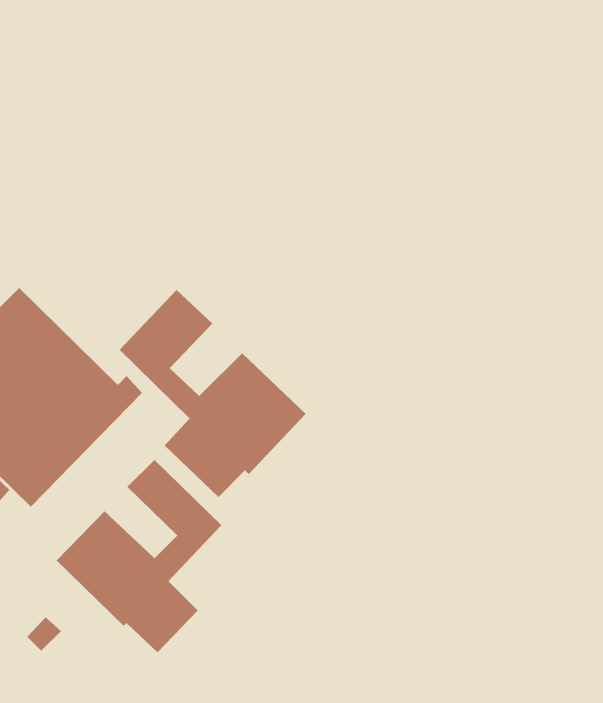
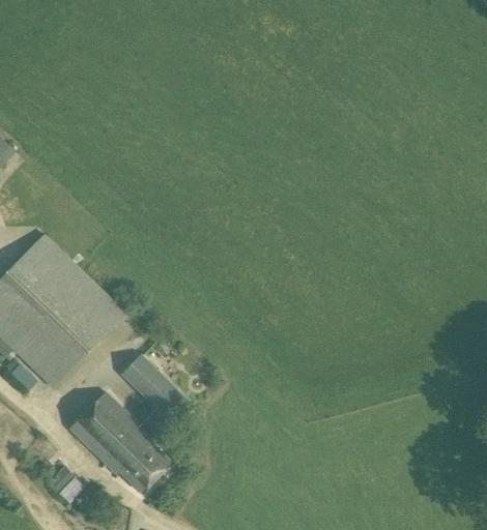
building: [119,289,306,498] -> none

